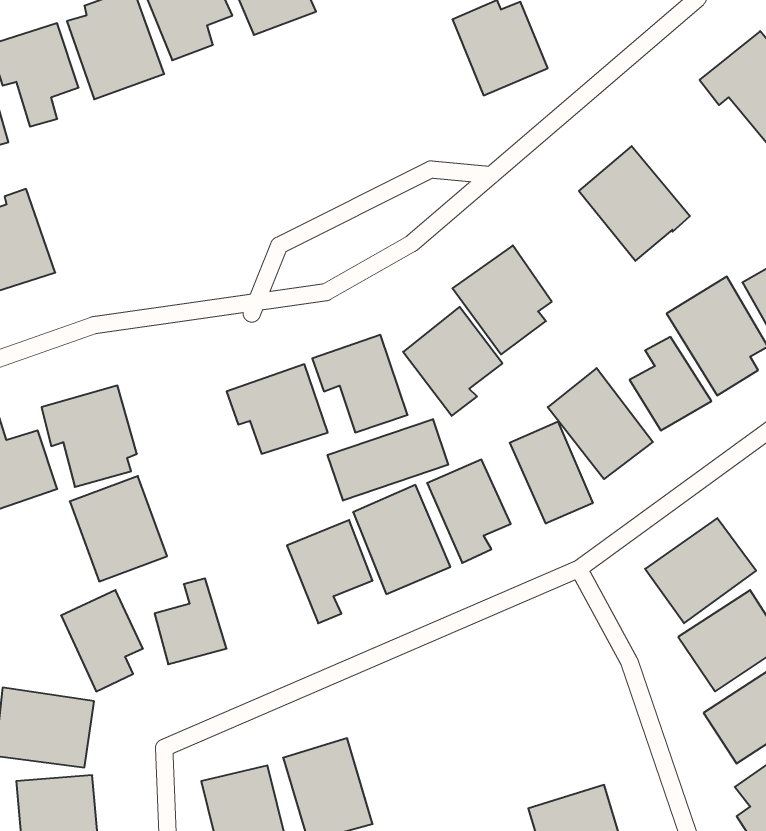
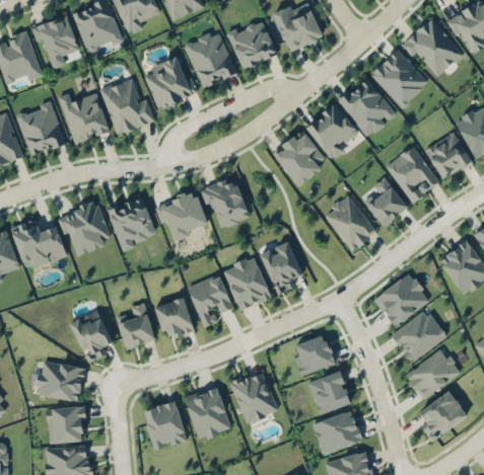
building: none -> [227,21,278,69]
building: none -> [184,28,236,88]
building: none -> [370,50,429,108]
building: none -> [144,56,195,110]
building: none -> [100,78,154,134]
building: none -> [59,93,110,144]
building: [403,307,502,416] -> [306,103,358,160]
building: [328,419,448,501] -> none
building: [510,421,593,524] -> none
building: [70,476,167,581] -> [107,195,157,250]
building: none -> [154,296,194,339]
building: none -> [291,334,335,375]
building: none -> [230,370,277,423]
building: none -> [308,372,350,413]

